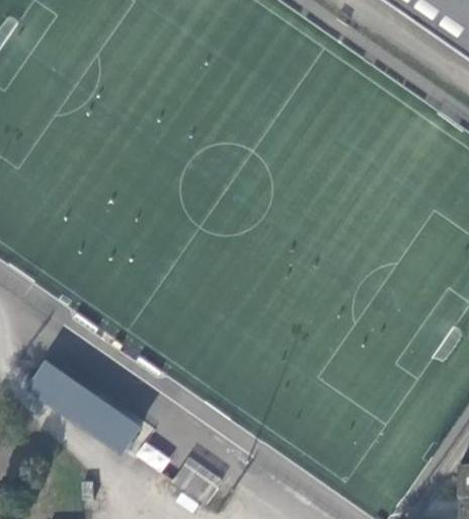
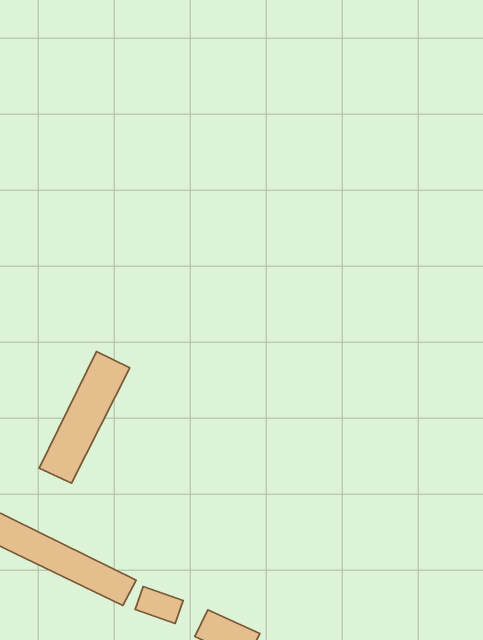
building: none -> [39,351,130,483]

